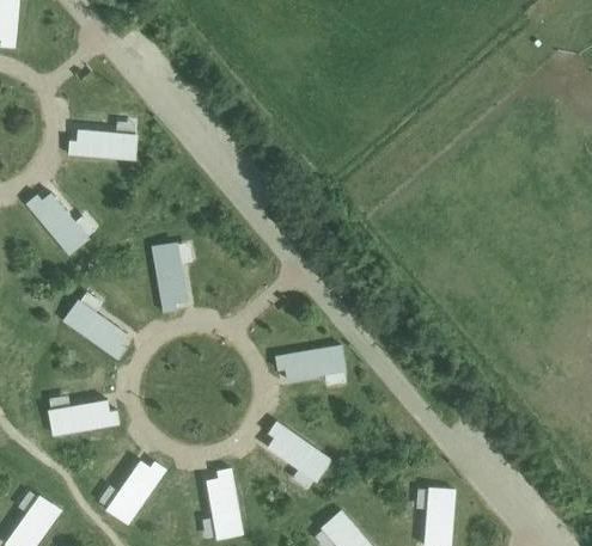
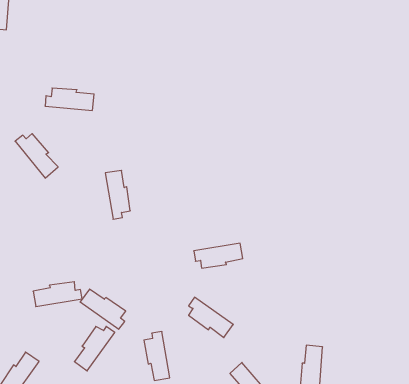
building: [63,301,127,357] -> [80,289,126,329]

